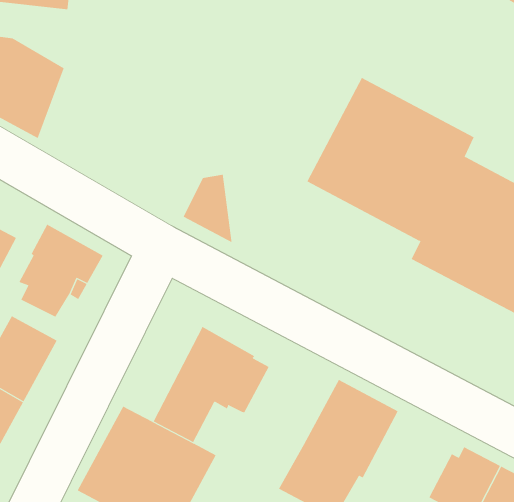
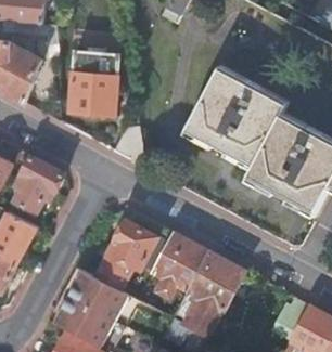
building: none -> [69,51,120,116]
building: none -> [151,232,208,298]

